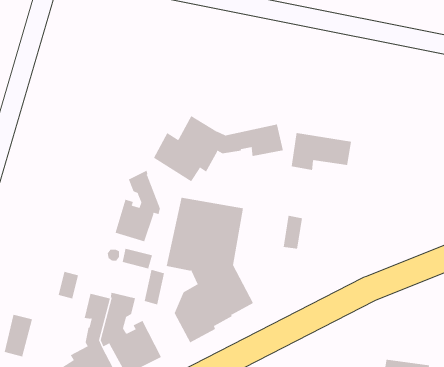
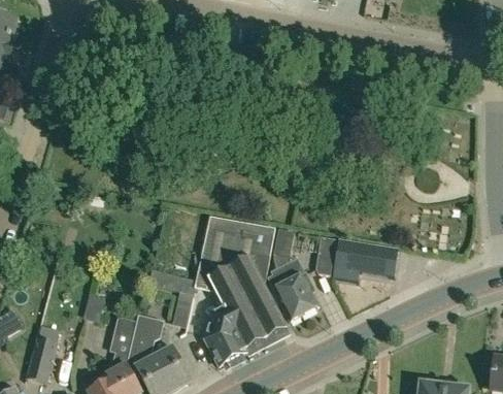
building: [153,115,283,182] -> none
building: [291,133,352,171] -> [335,238,398,277]
building: [115,170,161,242] -> none
building: none -> [268,229,318,320]

